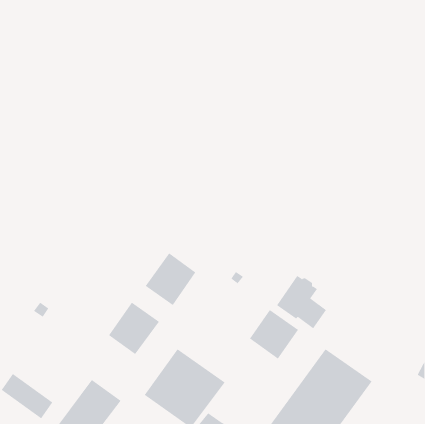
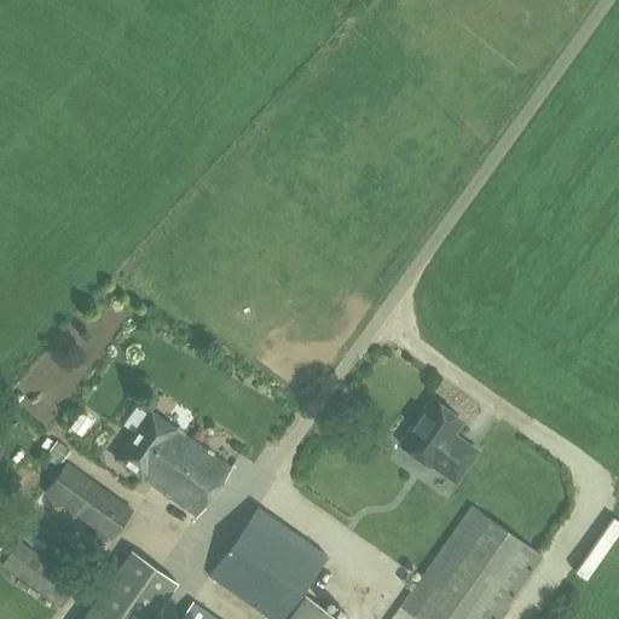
building: [145,253,196,306] -> [116,411,191,488]
building: [249,309,299,360] -> none
building: none -> [44,462,134,542]

